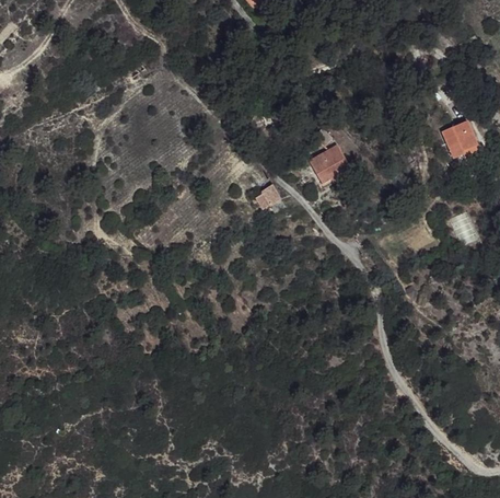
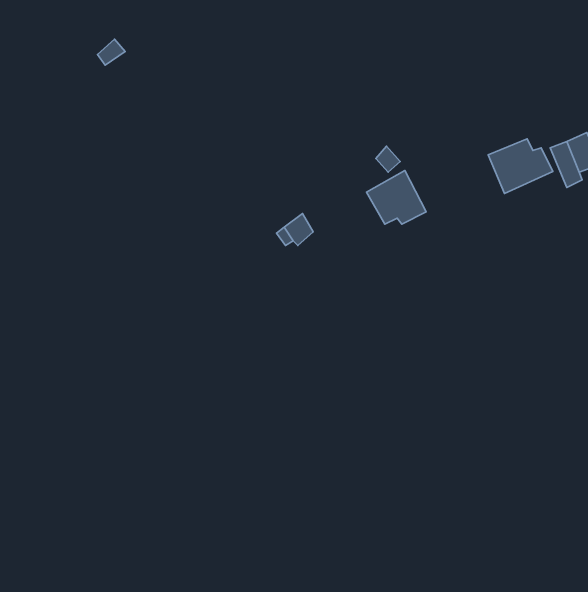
building: none -> [488,139,553,193]

